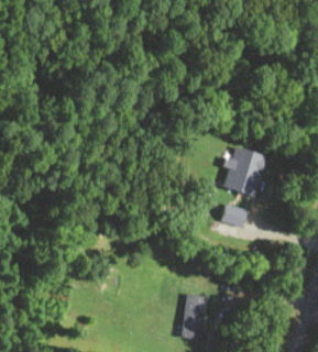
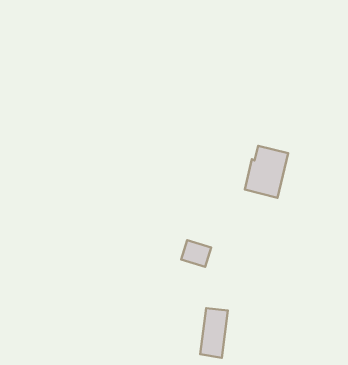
building: [220,204,248,228] -> [181,240,211,267]

